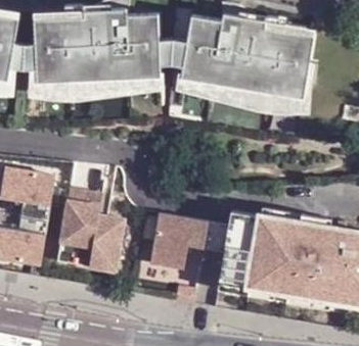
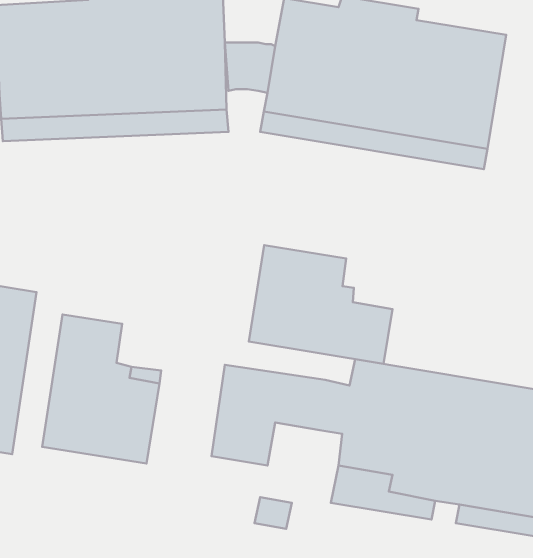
building: none -> [249,245,393,364]

